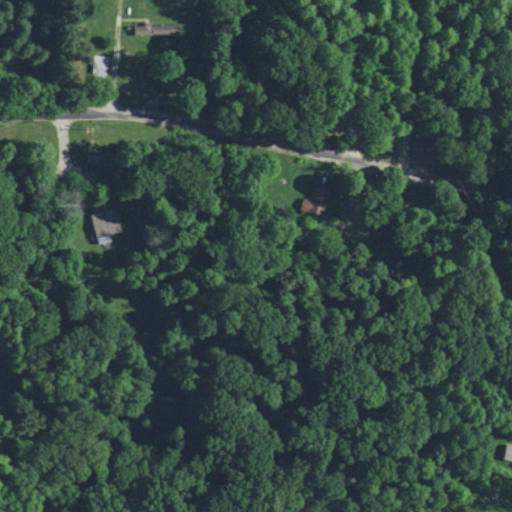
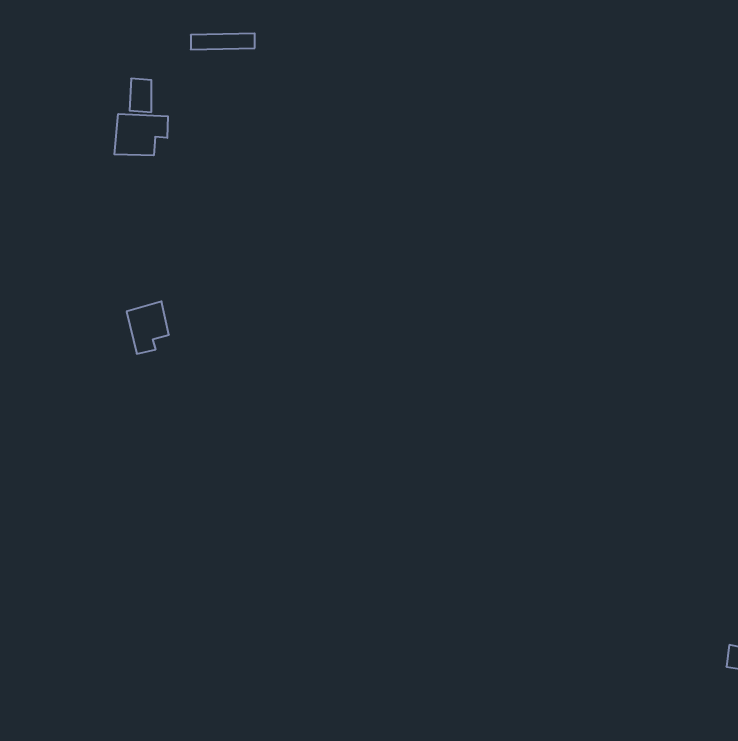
building: none -> [114,114,168,155]
building: [299,182,330,217] -> none

